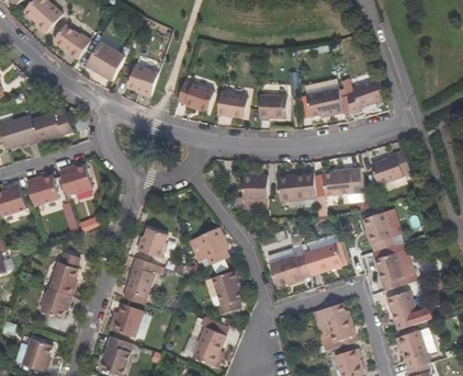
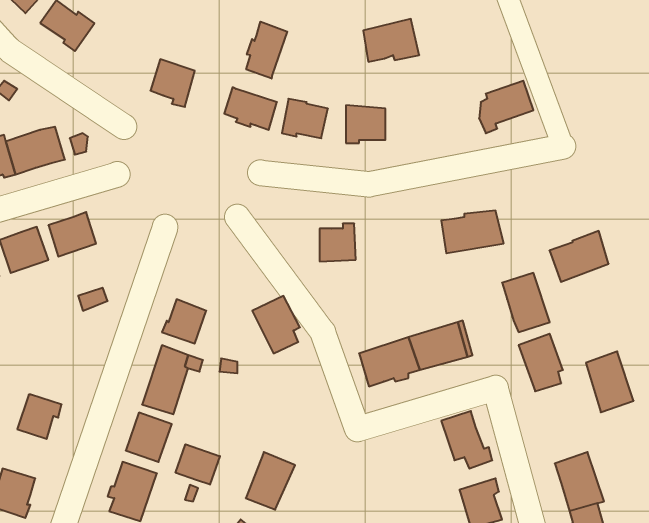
building: none -> [246,22,287,79]
building: [87,42,125,80] -> none
building: [307,87,345,115] -> [363,19,419,62]
building: [371,148,410,182] -> [549,231,609,282]
building: [276,171,315,200] -> none
building: [48,249,78,295] -> none
building: [203,266,240,310] -> none
building: [388,286,420,327] -> [586,351,634,412]
building: none -> [176,444,220,485]

